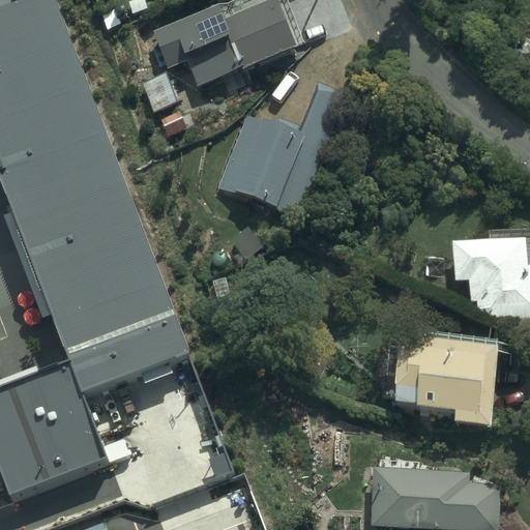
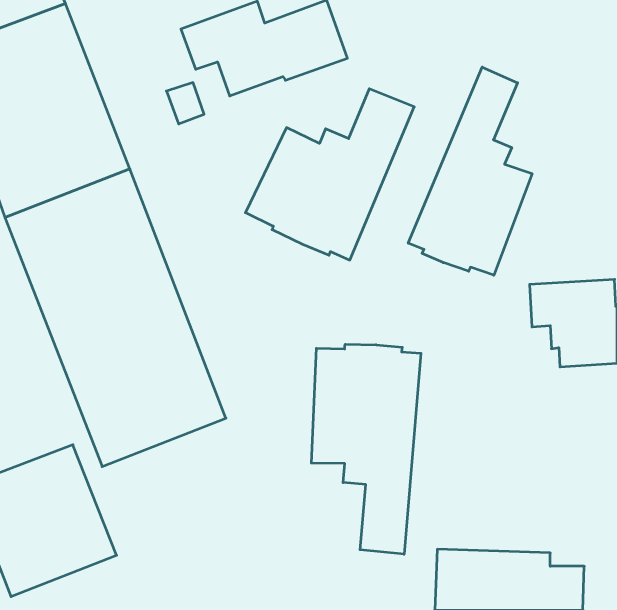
building: none -> [408,67,532,275]
building: none -> [311,344,421,554]
building: [395,344,497,424] -> none

